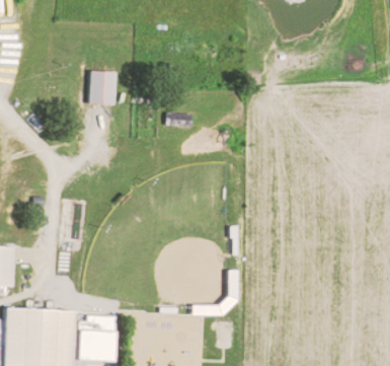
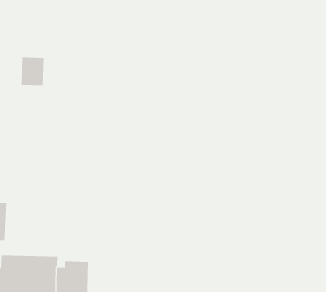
building: [83,70,110,103] -> [21,57,45,86]

